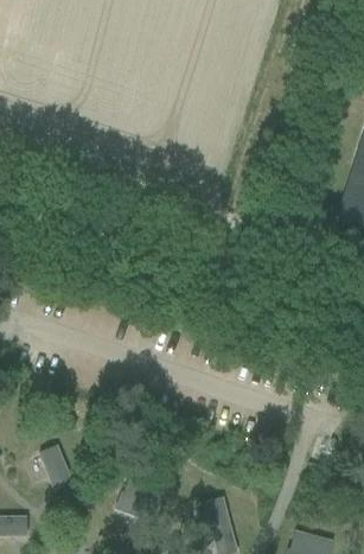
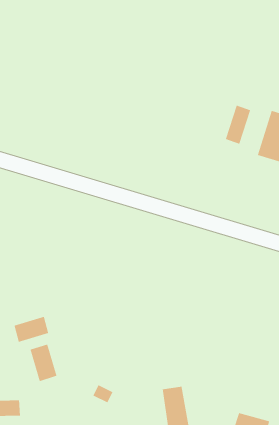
building: none -> [225,104,251,145]
building: none -> [13,316,49,343]

